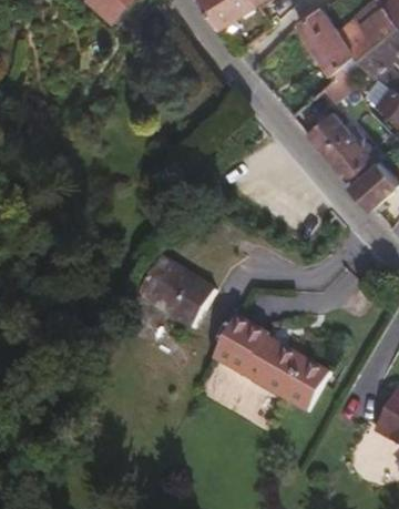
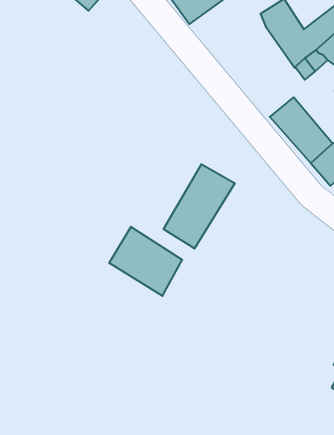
building: none -> [164,164,235,249]
building: [212,314,327,408] -> none

